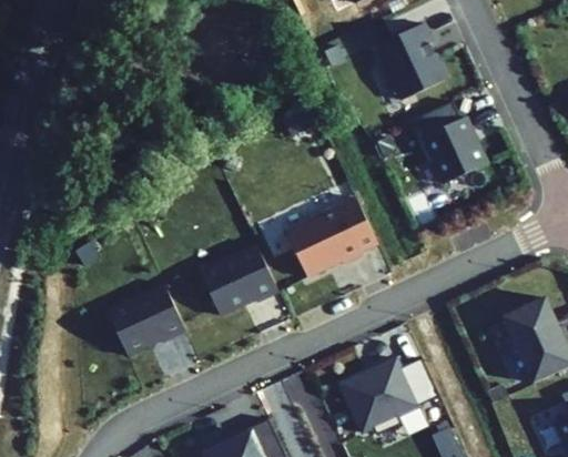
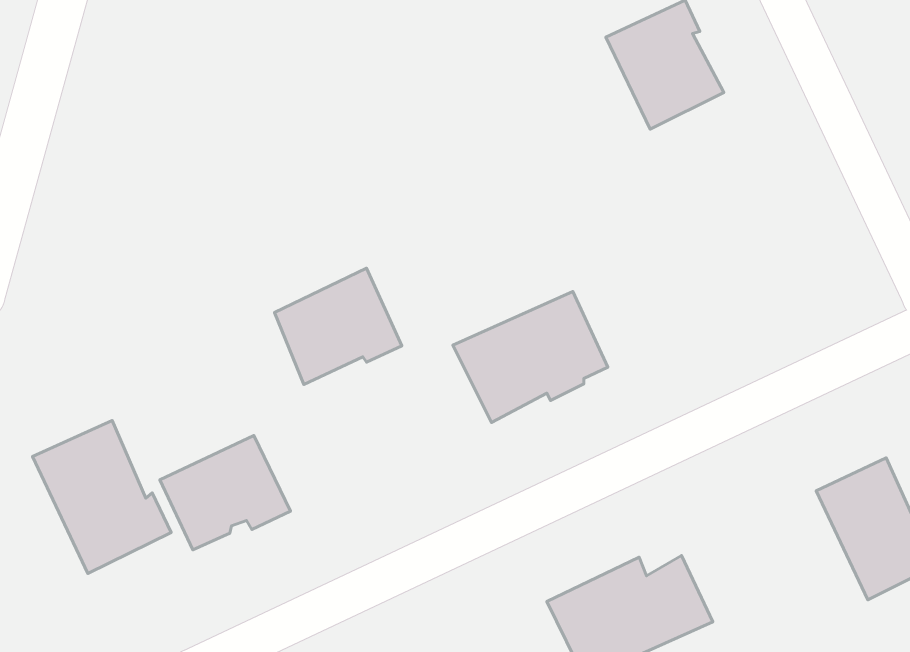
building: [416,103,485,185] -> none
building: [200,246,276,316] -> [274,268,402,384]
building: none -> [32,421,171,573]

